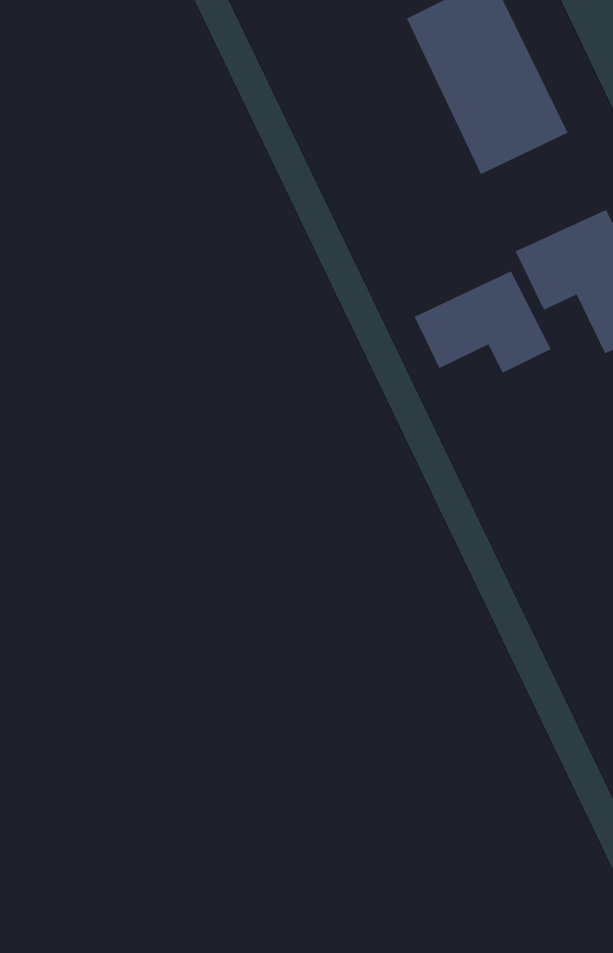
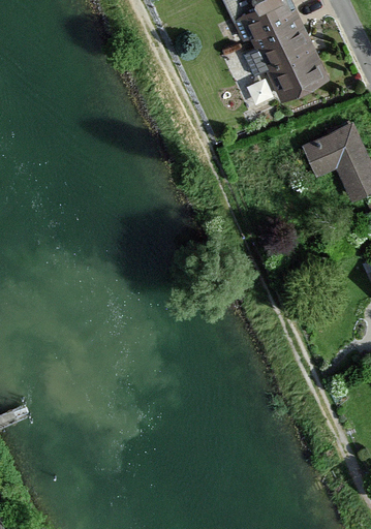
building: [414,270,552,373] -> none

